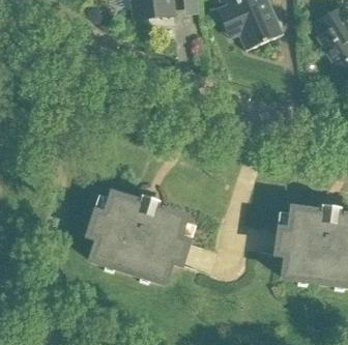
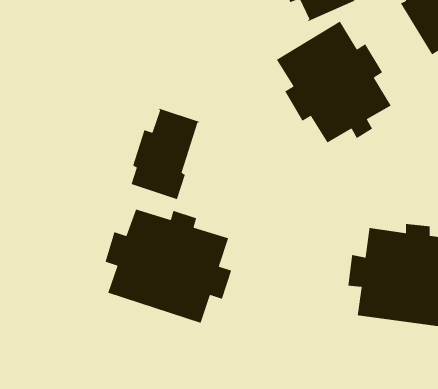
building: none -> [276,20,392,143]
building: none -> [131,108,200,200]

